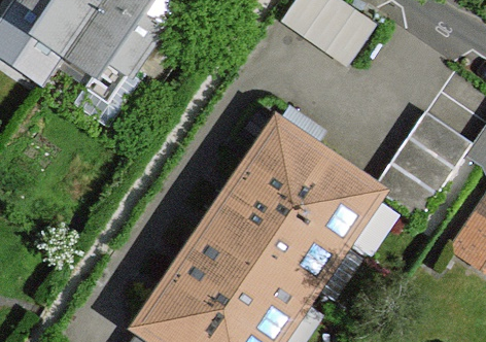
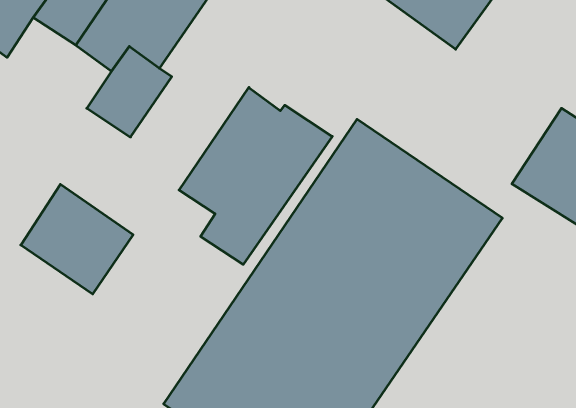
building: none -> [179,87,332,264]
building: none -> [21,184,133,294]

